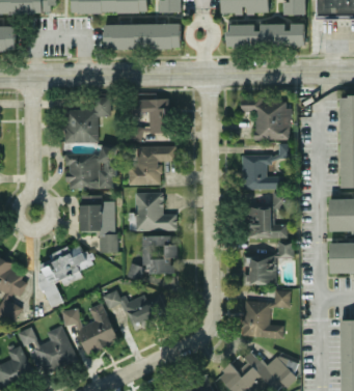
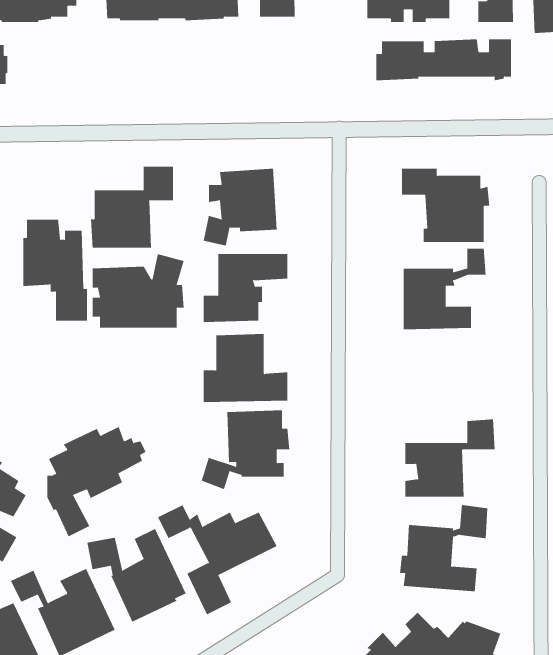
building: [105,24,181,50] -> none
building: [244,192,290,239] -> none
building: [80,195,117,253] -> [22,219,88,321]

